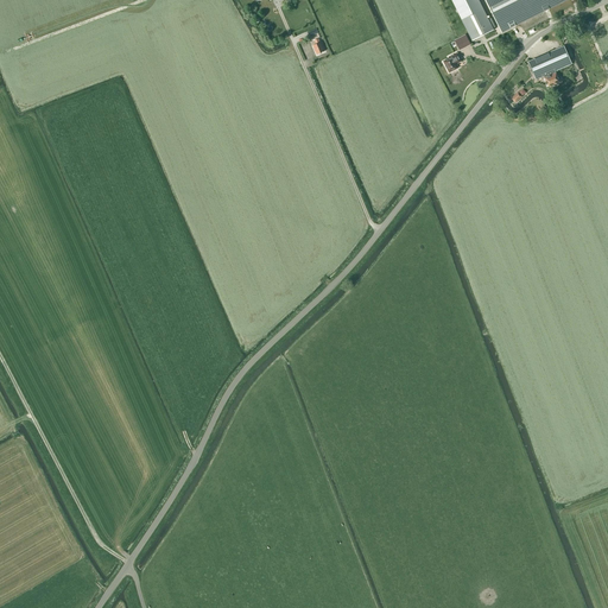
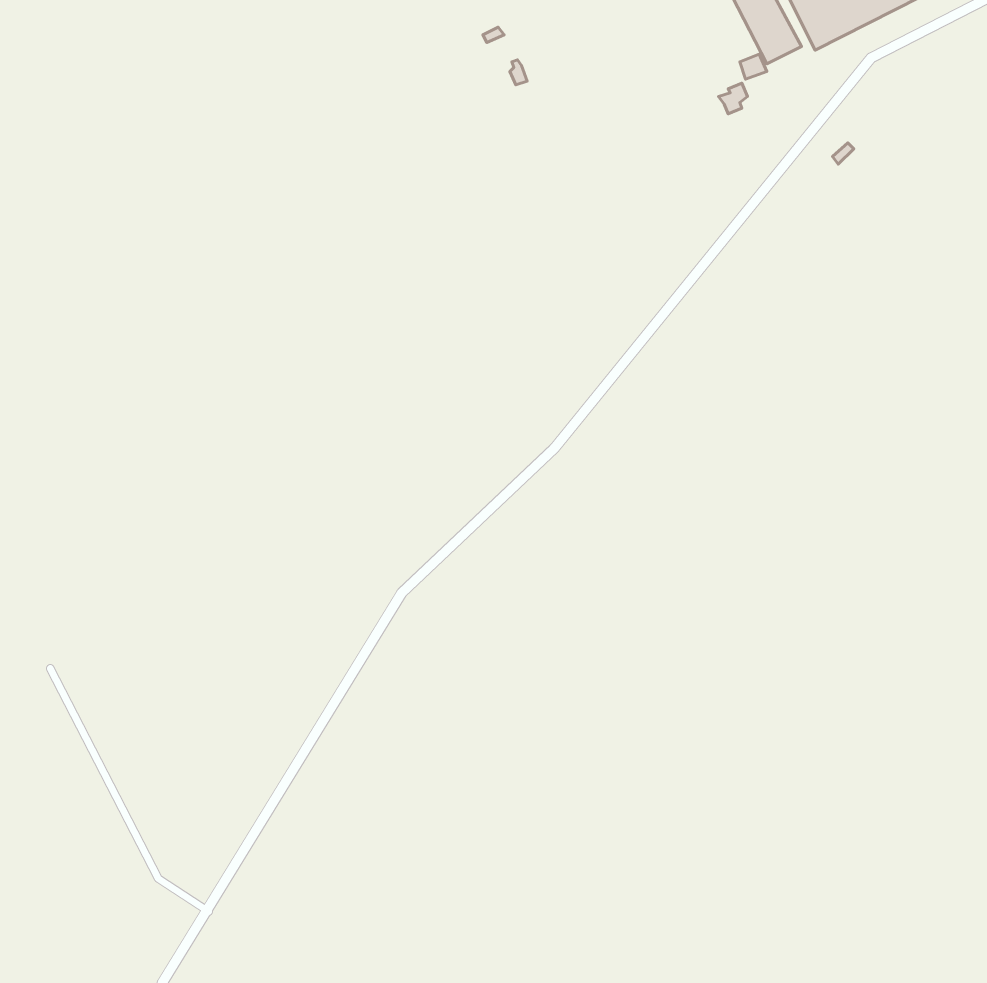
building: [528,44,571,86] -> none

